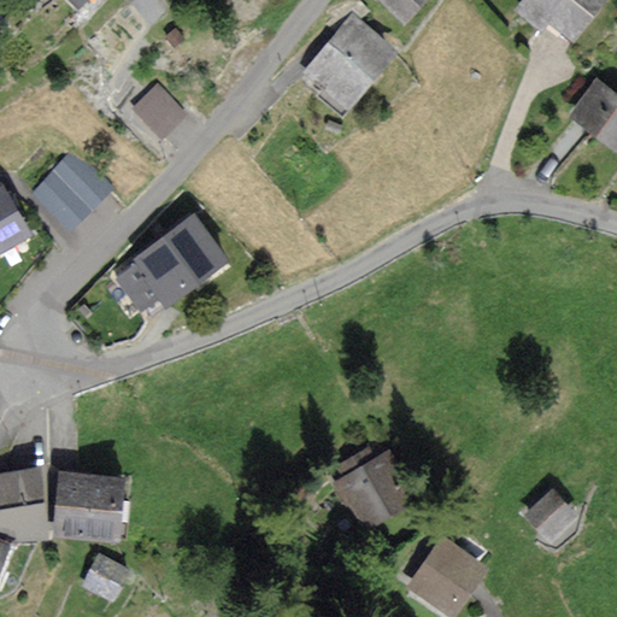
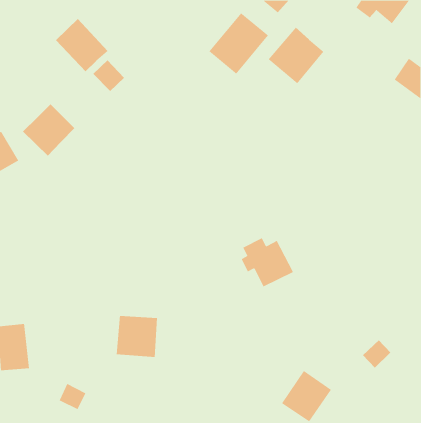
building: none -> [55,18,109,72]
building: none -> [268,27,324,84]
building: [119,218,223,306] -> none
building: [334,451,411,523] -> [241,238,294,287]
building: [58,476,119,537] -> [116,315,158,358]

